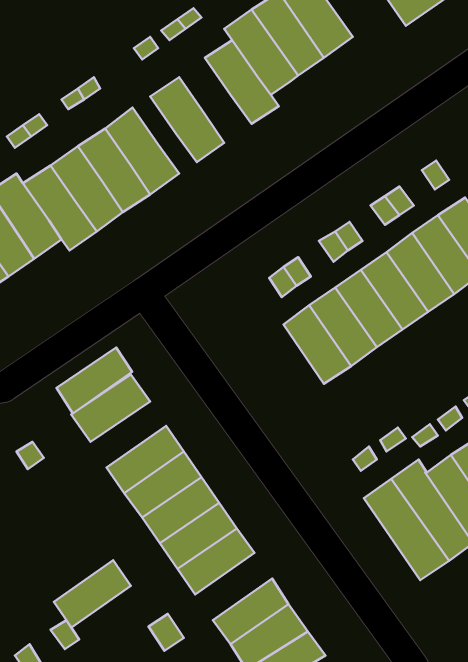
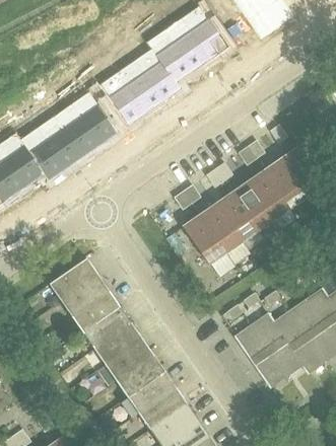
building: none -> [118,60,163,114]
building: [57,348,132,414] -> [62,277,110,318]
building: [54,560,131,628] -> [128,372,177,415]

